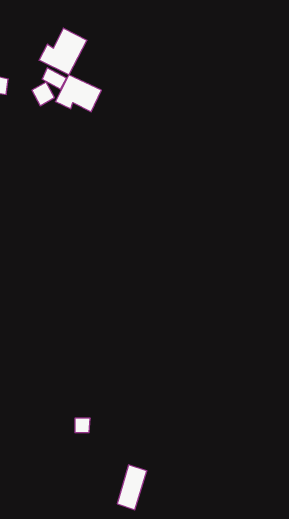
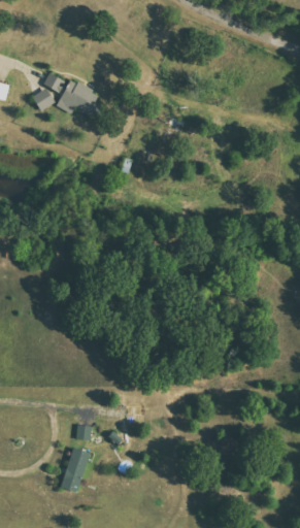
building: [39,28,87,75] -> none
building: [117,465,147,510] -> [60,447,90,492]

